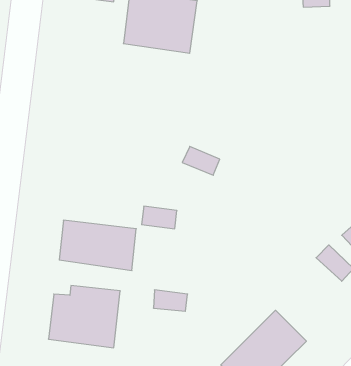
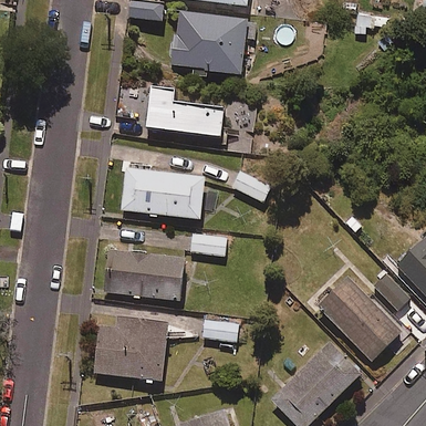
building: none -> [145,84,222,136]
building: none -> [120,166,205,218]
building: none -> [316,276,399,360]

